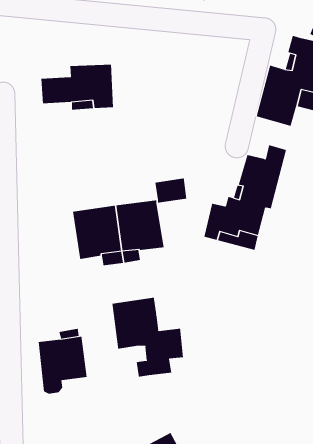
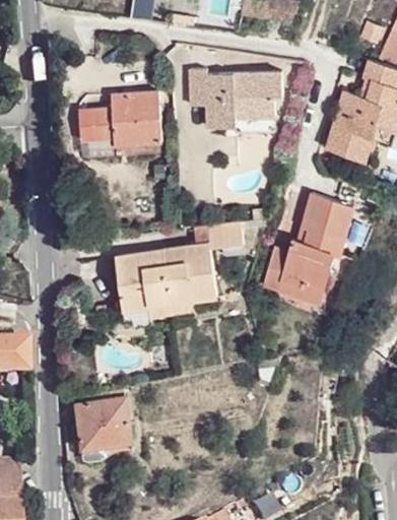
building: none -> [189,70,282,129]
building: [112,297,184,377] -> none

